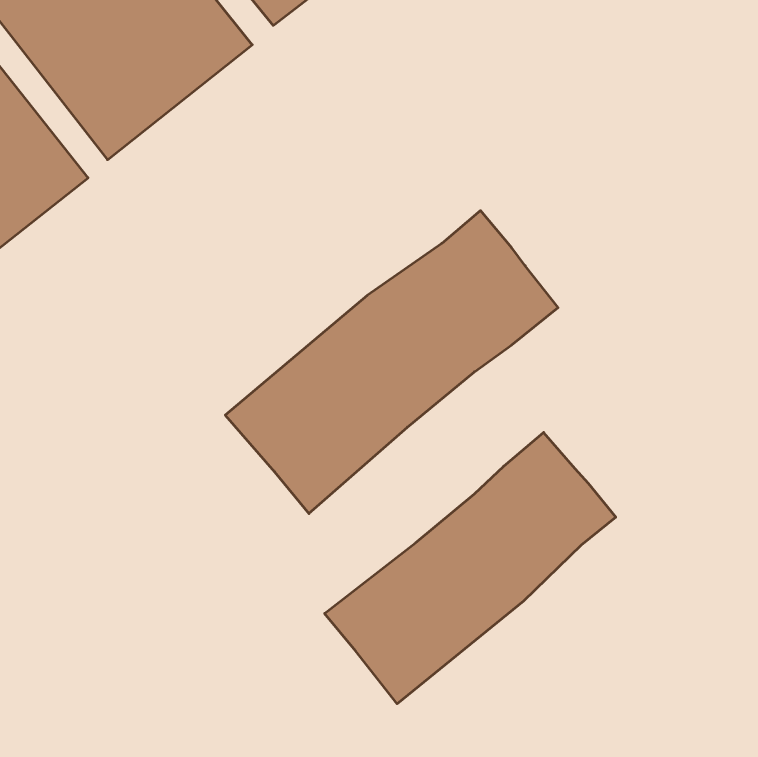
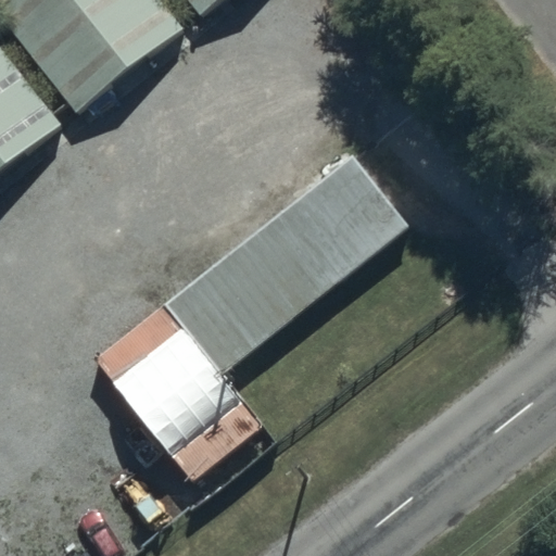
building: [325,432,616,704] -> none
building: none -> [111,325,258,481]

